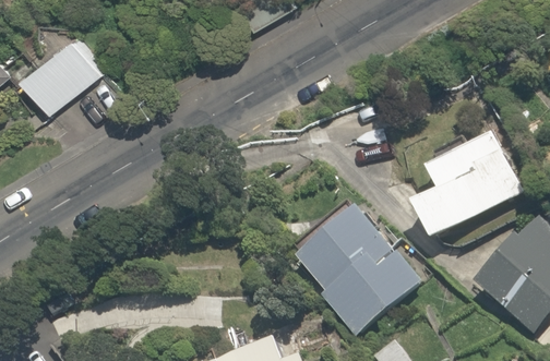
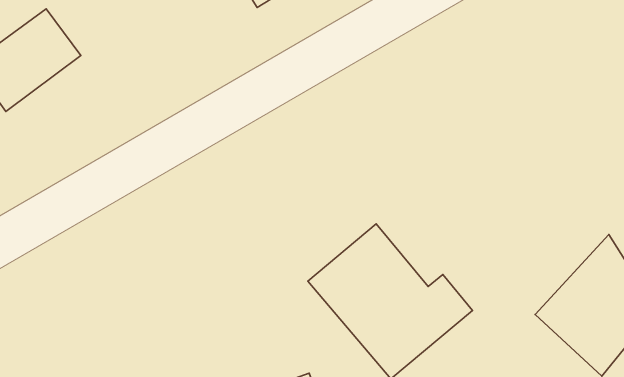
building: [412,132,522,240] -> none

